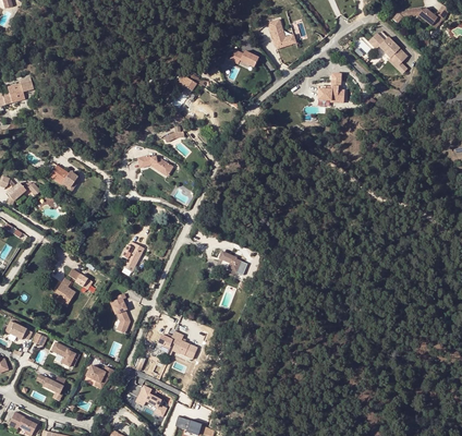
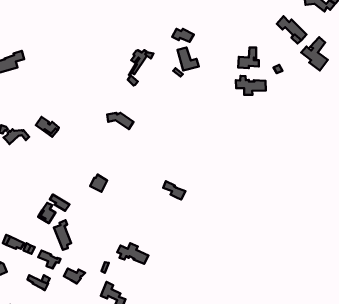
building: [268,17,296,48] -> [178,47,199,70]
building: none -> [301,37,328,71]
building: none -> [236,76,266,95]
building: [109,291,132,330] -> [54,220,71,250]

